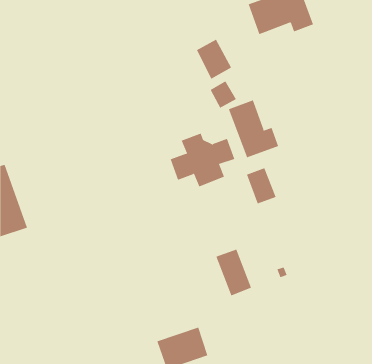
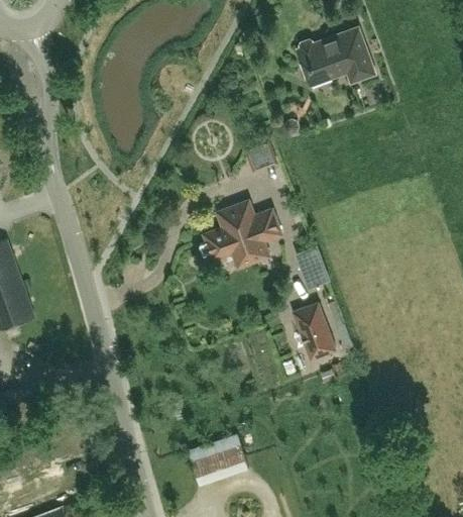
building: [196,39,232,80] -> none
building: [228,100,279,158] -> none
building: [216,249,252,296] -> [292,303,335,359]

